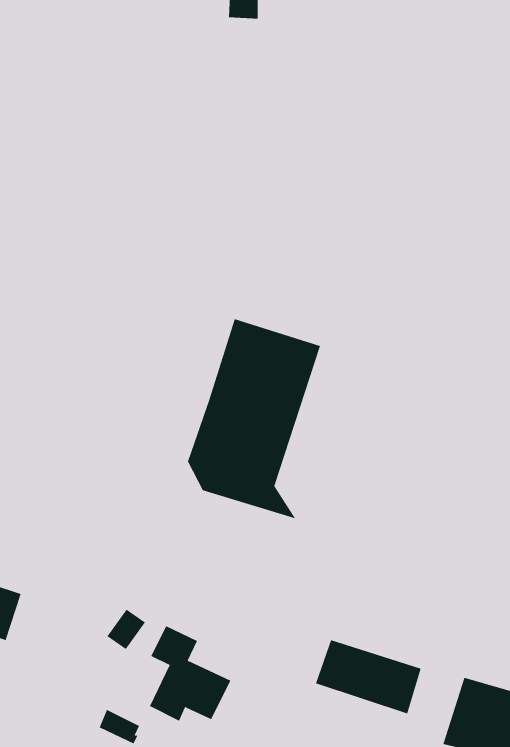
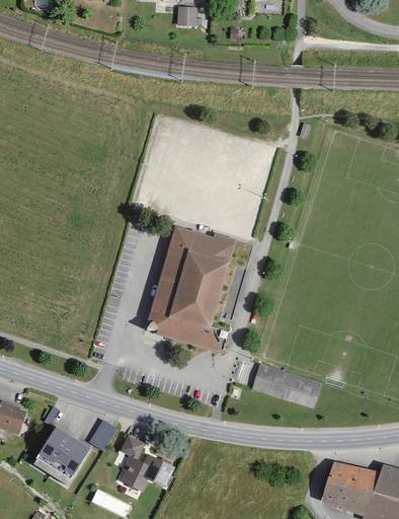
building: none -> [34,421,93,481]
building: [315,640,422,714] -> [255,361,326,411]

